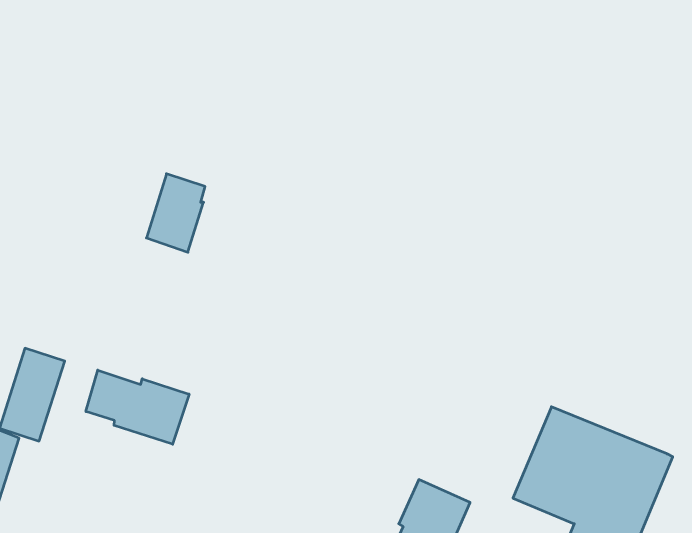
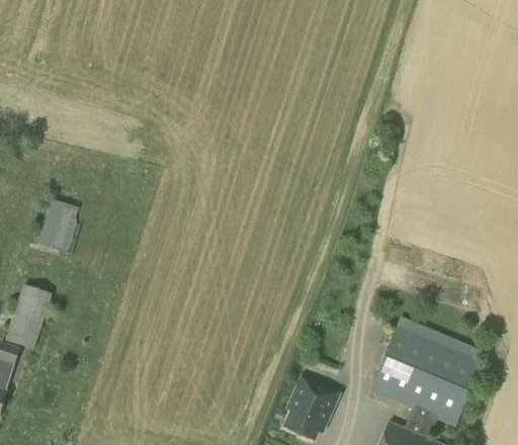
building: [146,174,205,252] -> [37,197,79,253]
building: [86,370,189,444] -> none

